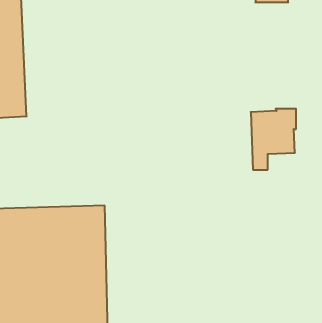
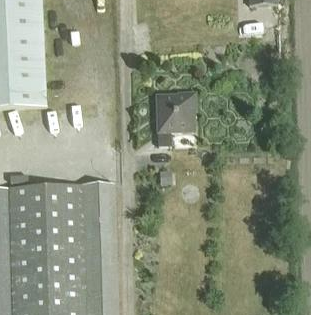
building: [251,109,296,170] -> [156,91,196,145]

